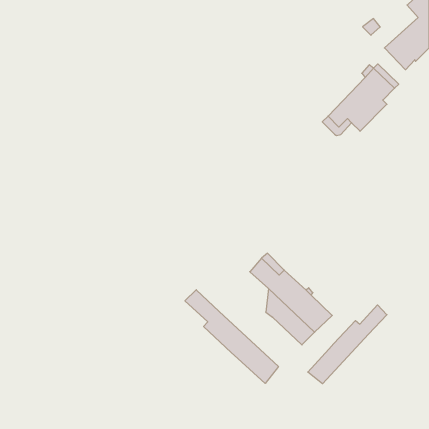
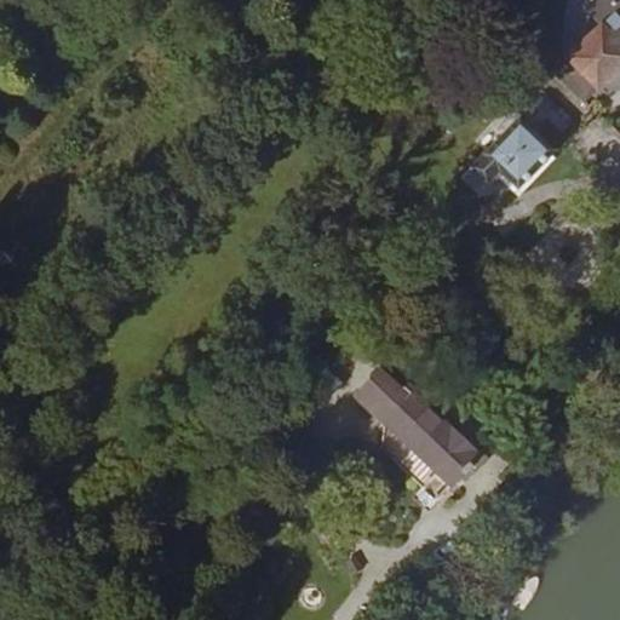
building: [185,290,278,383] -> none
building: [308,305,387,384] -> none

